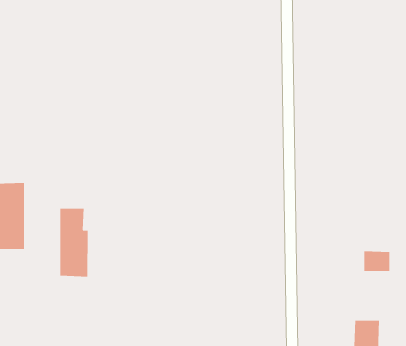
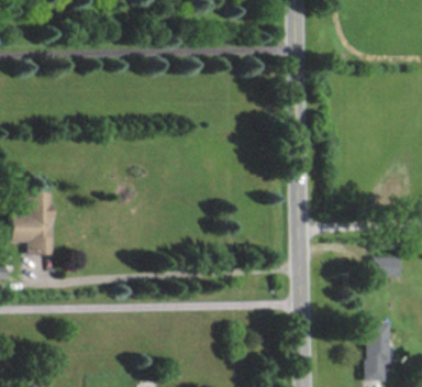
building: [60,208,88,277] -> none

